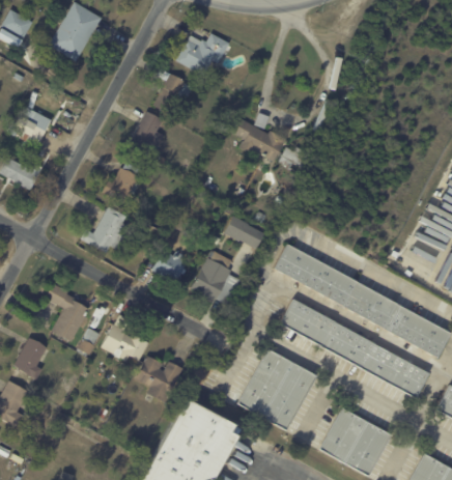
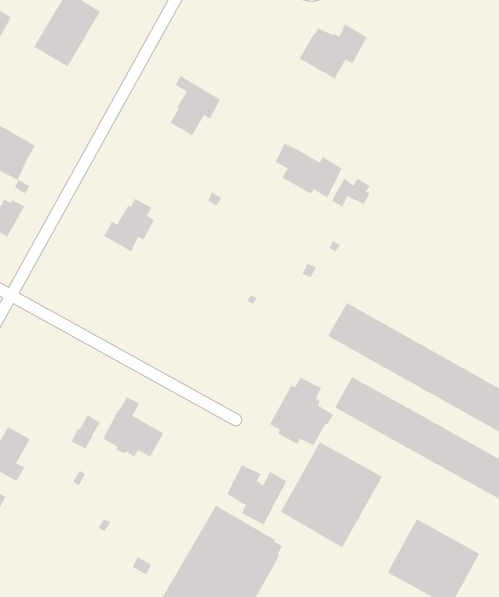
building: [179,33,232,76] -> [299,24,368,79]
building: [128,110,164,159] -> none
building: [81,205,129,253] -> none
building: [224,215,264,248] -> none
building: [152,249,187,282] -> none
building: [192,251,242,304] -> [269,377,334,446]
building: [45,282,89,341] -> none
building: [136,356,182,402] -> [226,465,287,525]

